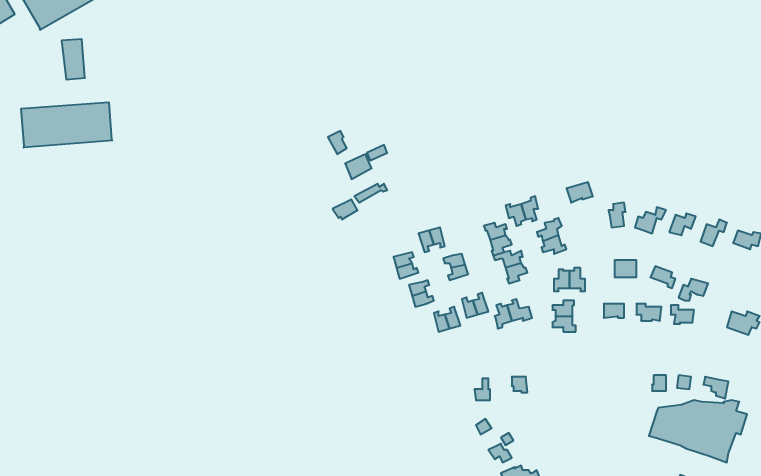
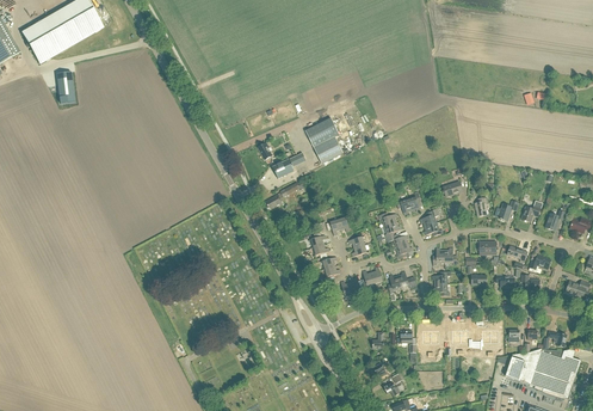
building: none -> [304,117,342,162]
building: [21,102,112,148] -> none

